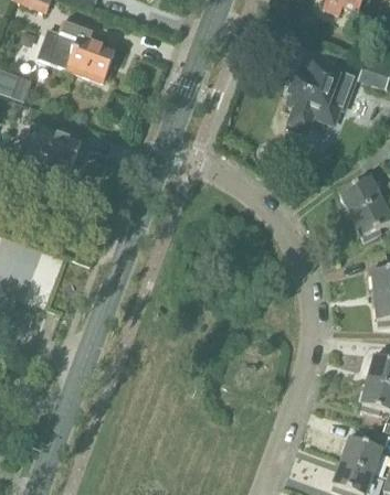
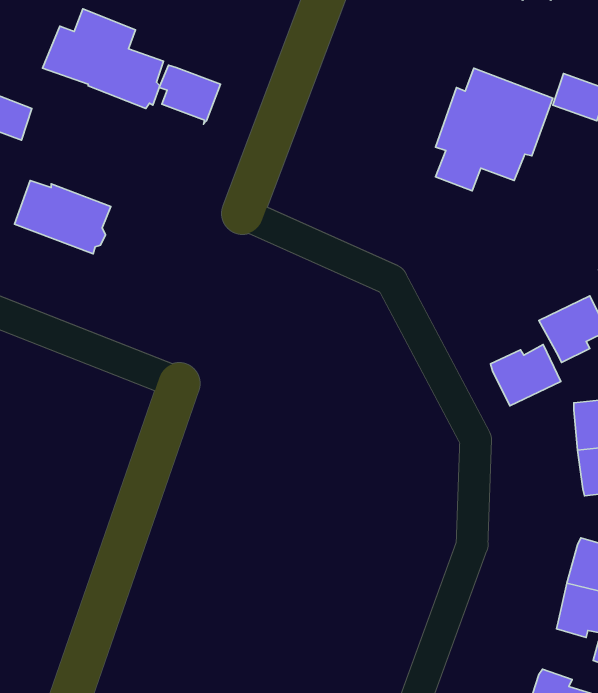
building: none -> [159,65,221,124]
building: [337,176,381,215] -> [491,345,561,406]

